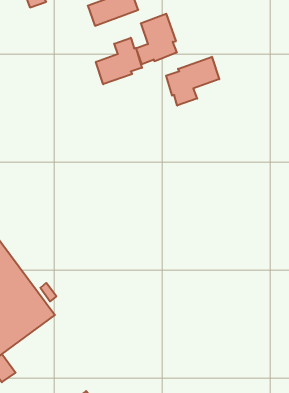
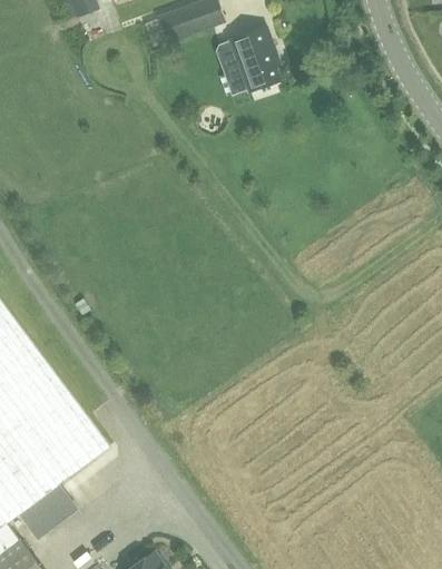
building: [96,38,142,84] -> none
building: [166,57,219,106] -> none

